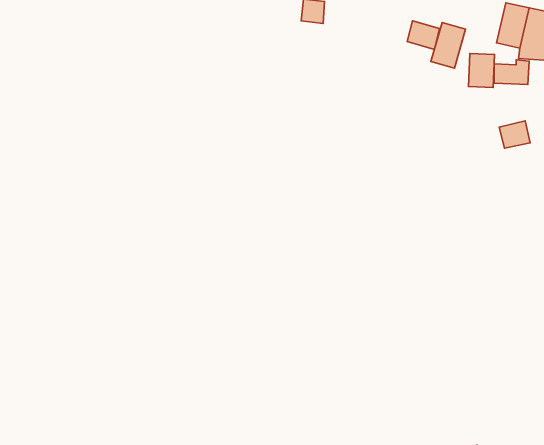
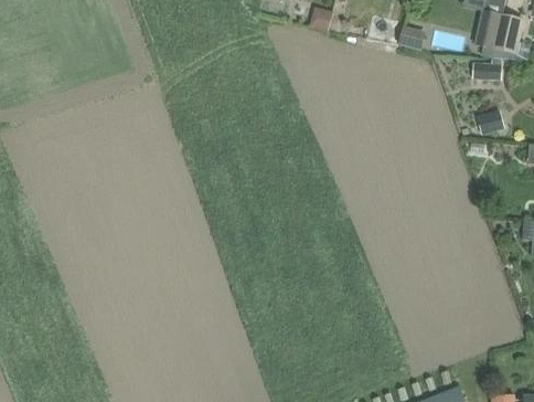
building: [431,22,465,68] -> none
building: [468,54,494,87] -> none

